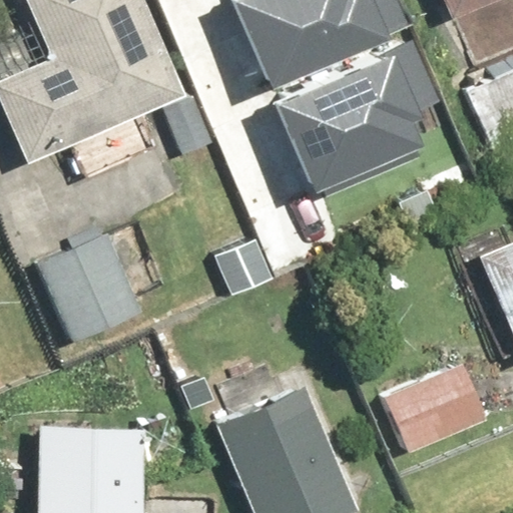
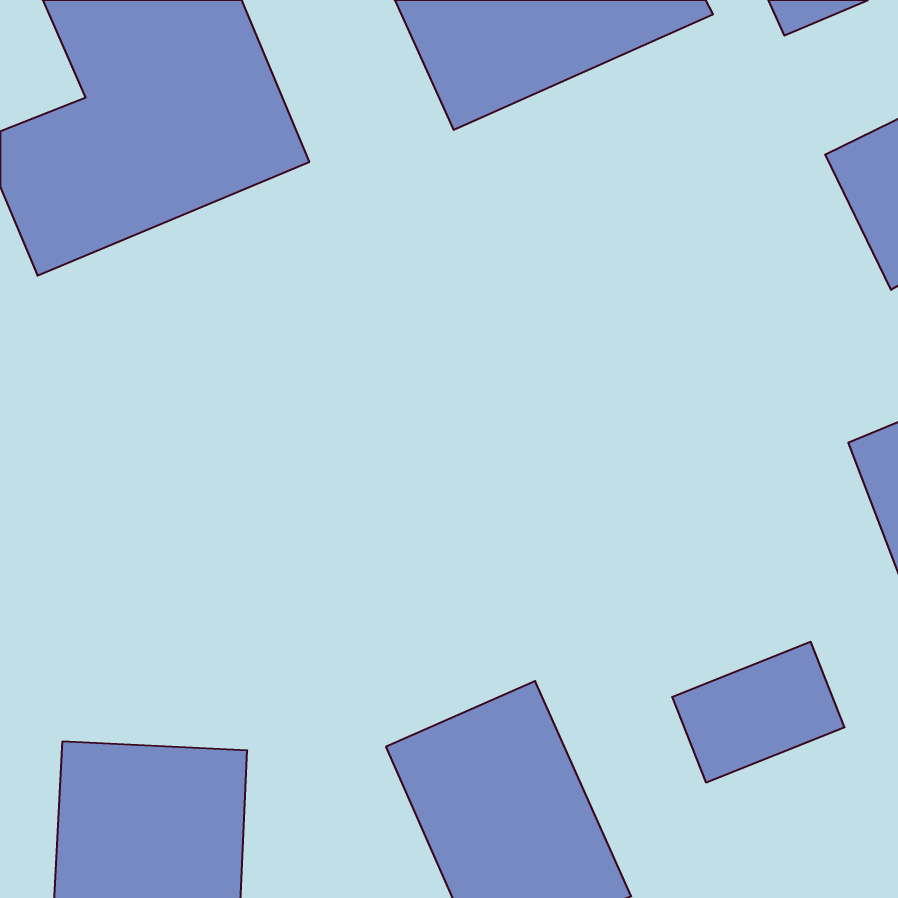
building: [268,29,443,188] -> none
building: [39,237,141,342] -> none

